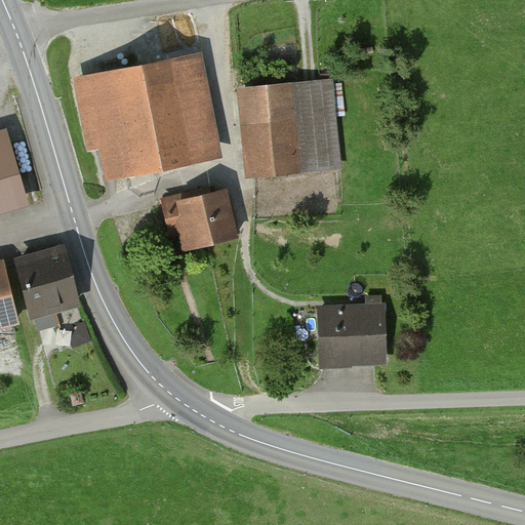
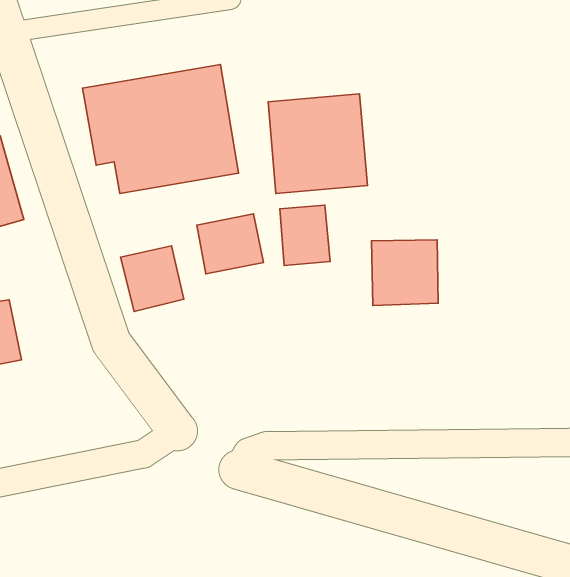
building: none -> [280,205,330,266]
building: [19,255,77,315] -> [120,246,184,311]
building: [317,306,377,365] -> [372,240,438,305]

